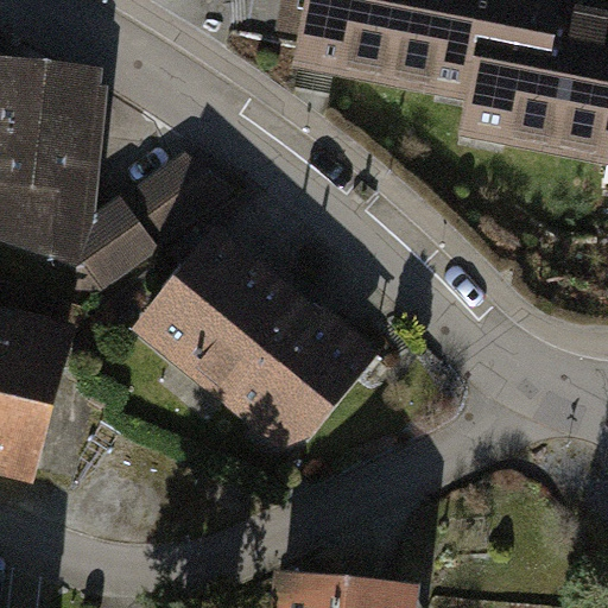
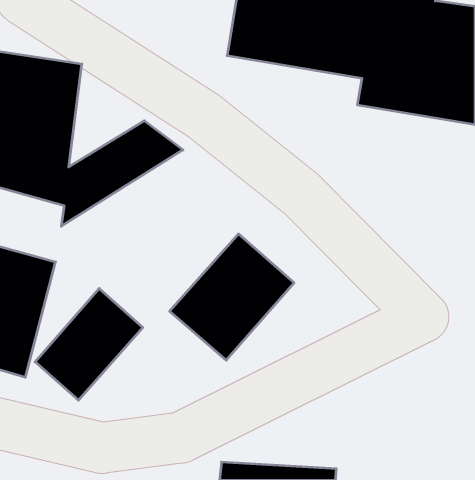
building: [142,232,300,392] -> none
building: none -> [35,288,143,400]

